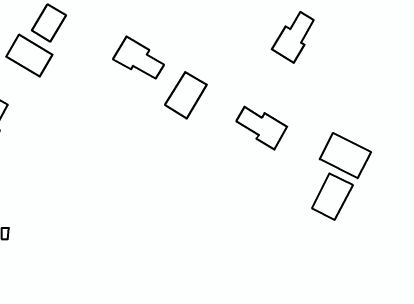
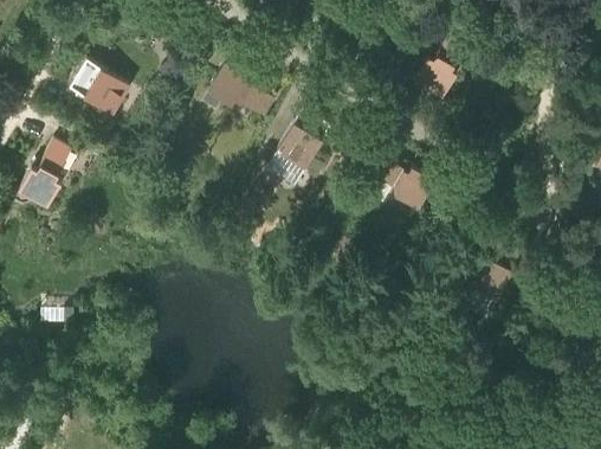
building: [32,4,66,42] -> none
building: [320,133,371,178] -> none

